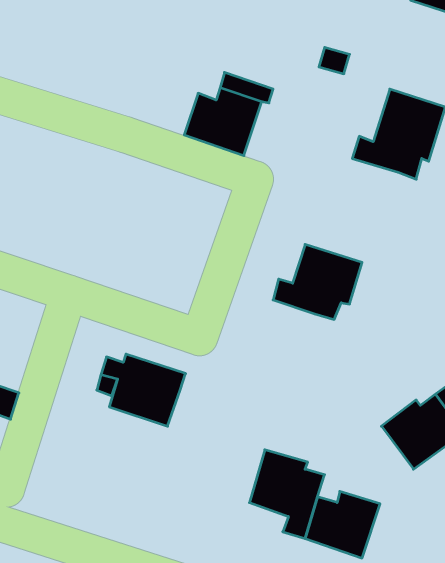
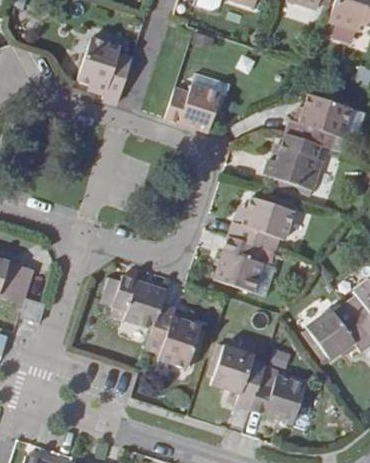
building: none -> [77,38,132,104]
building: none -> [264,135,323,190]
building: none -> [214,237,263,293]
building: none -> [147,302,201,367]

